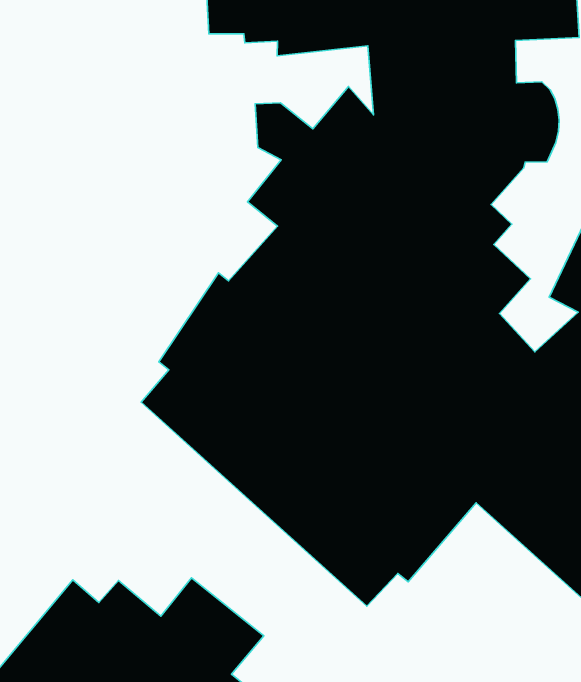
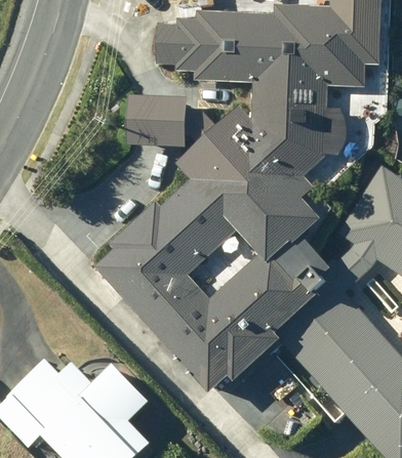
building: none -> [122,91,183,145]

